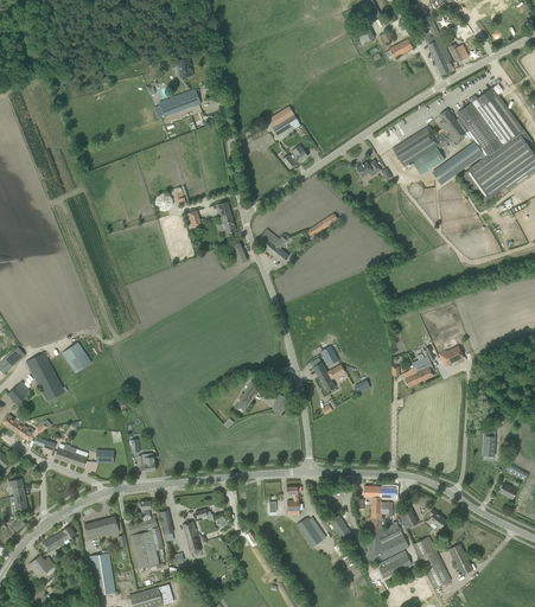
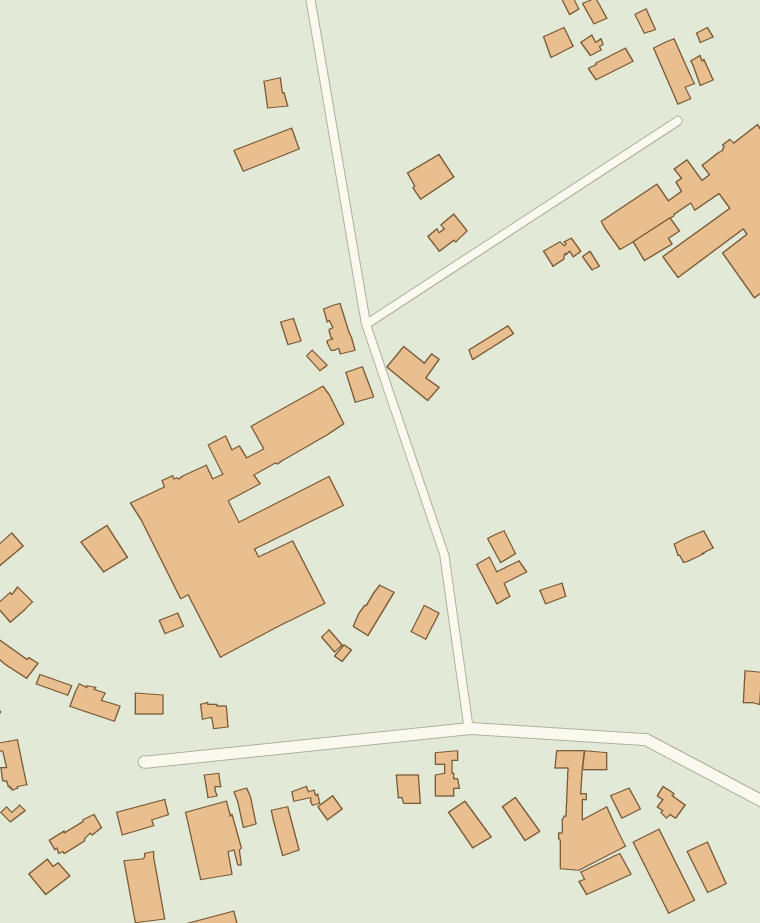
building: none -> [131,386,344,657]
building: [26,352,64,401] -> none
building: [402,356,433,386] -> none

